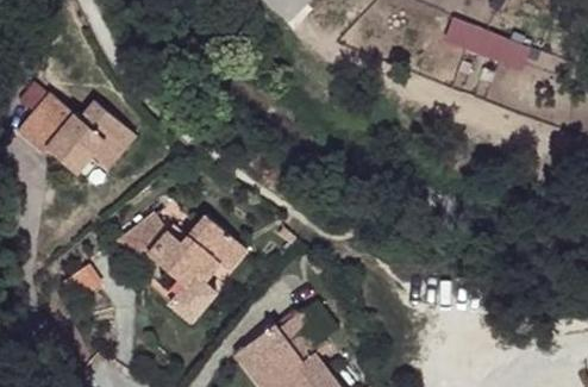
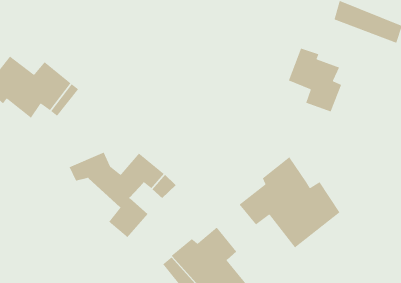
building: none -> [288,47,342,112]
building: none -> [239,156,341,248]

